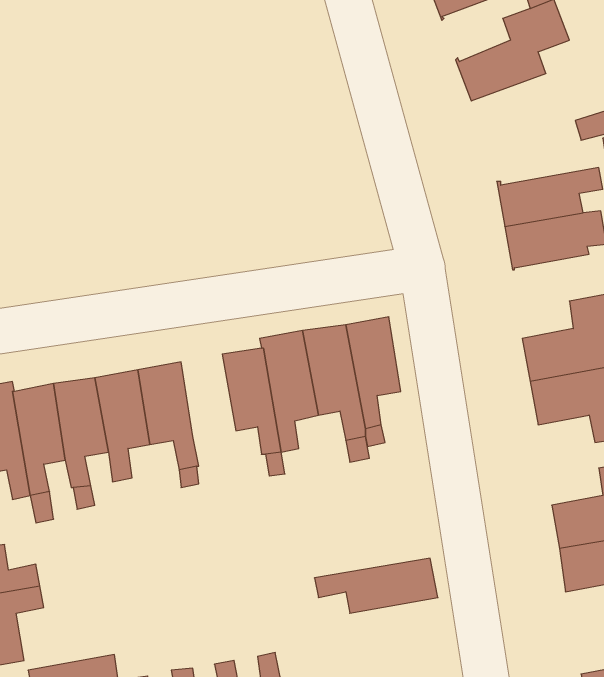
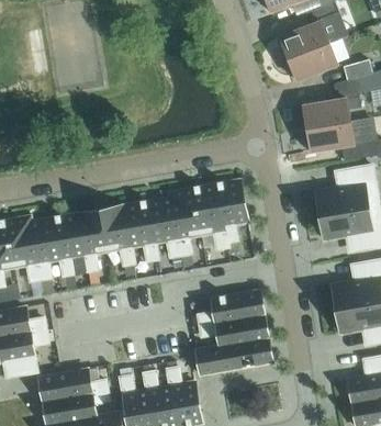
building: none -> [287,43,336,81]
building: none -> [124,200,157,260]
building: none -> [198,291,264,325]
building: none -> [195,336,272,374]

